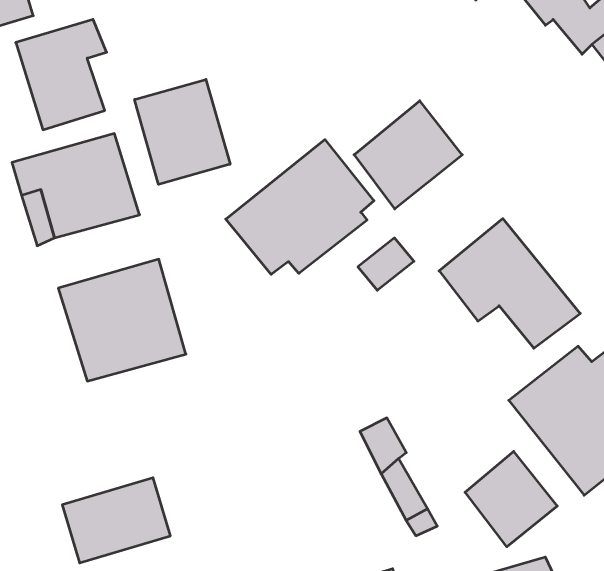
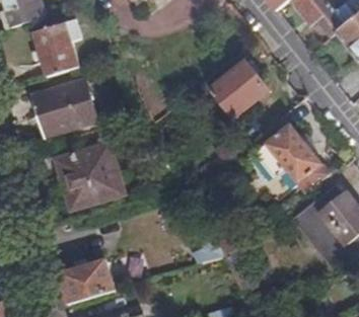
building: [135,79,230,184] -> none
building: [226,140,374,274] -> none
building: [465,451,557,547] -> none

